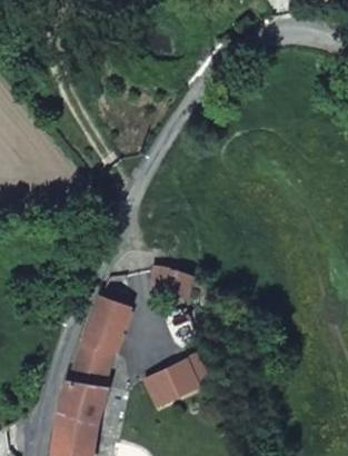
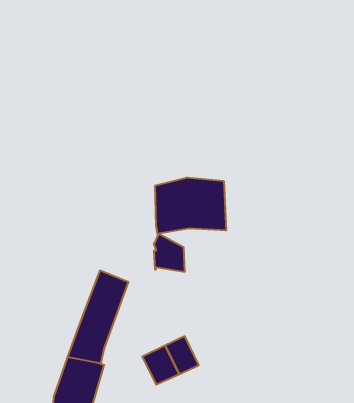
building: none -> [155,177,226,234]

